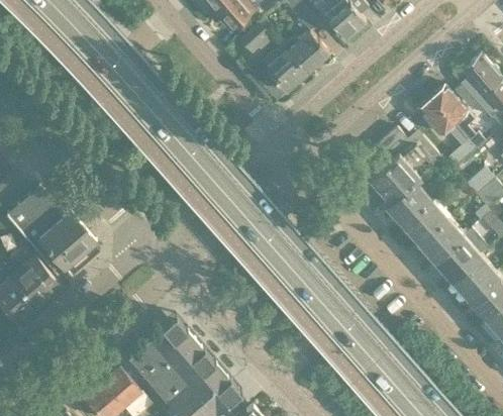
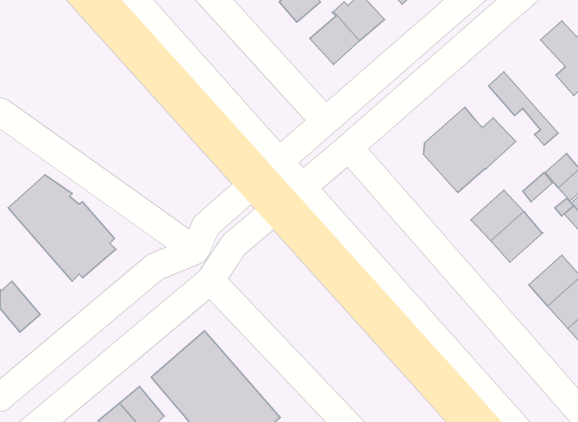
building: [431,89,486,152] -> none
building: [386,183,431,226] -> none
building: [436,230,488,282] -> none
building: [8,246,55,307] -> none

